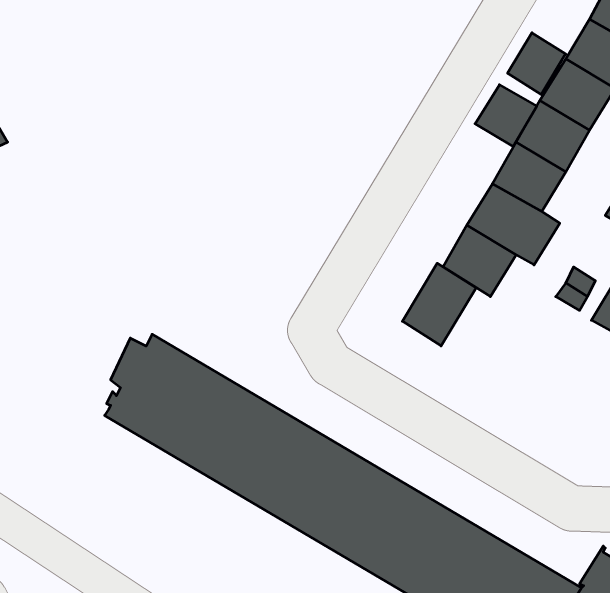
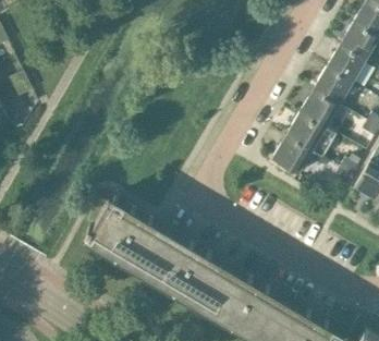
building: [508,33,566,94] -> none
building: [475,85,537,147] -> none
building: [402,263,476,346] -> none

